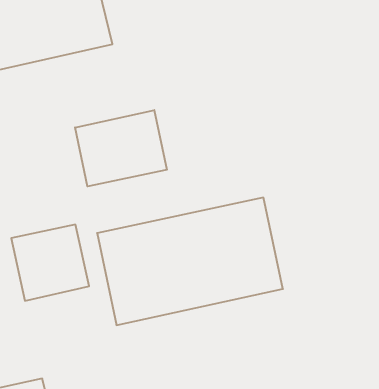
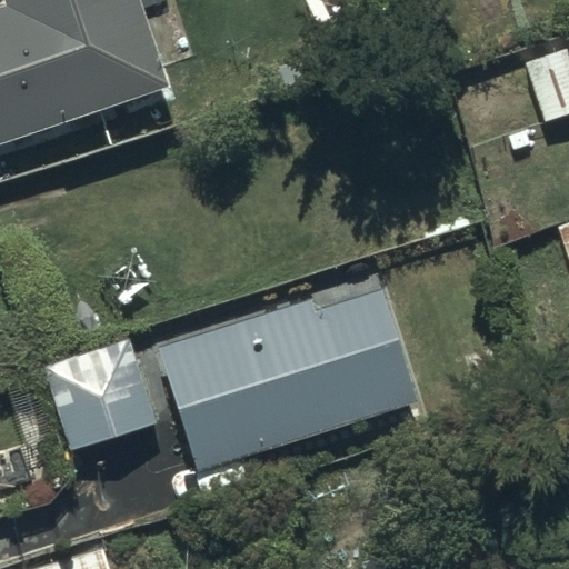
building: [75,110,167,186] -> none

